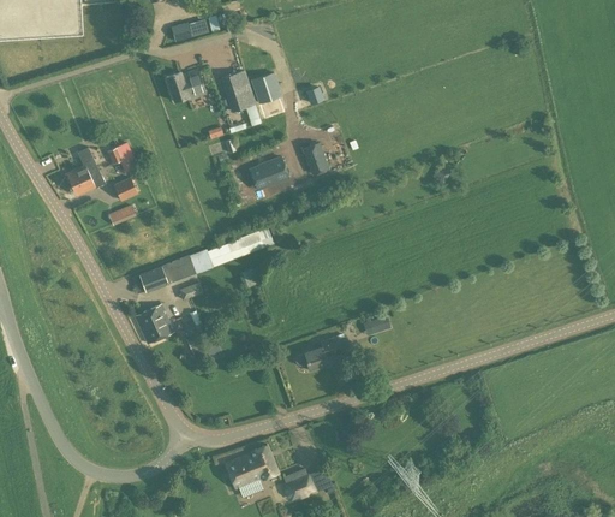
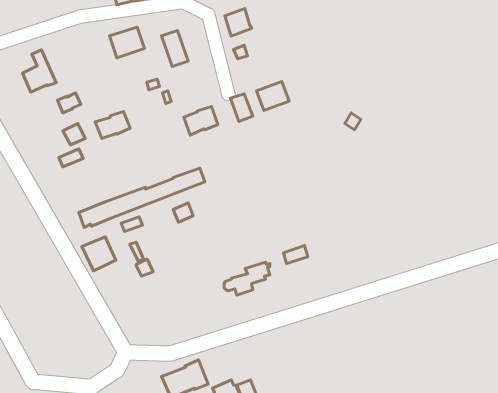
building: [251,71,281,102] -> [225,9,251,36]
building: none -> [257,82,289,110]
building: [67,147,106,195] -> [22,50,56,92]
building: none -> [95,111,130,139]

